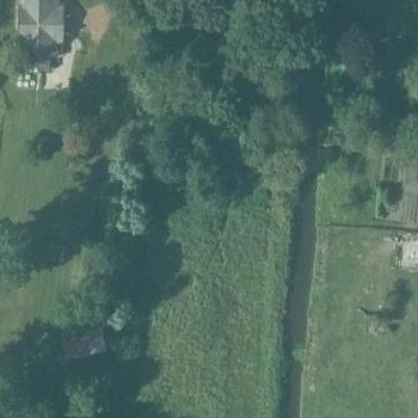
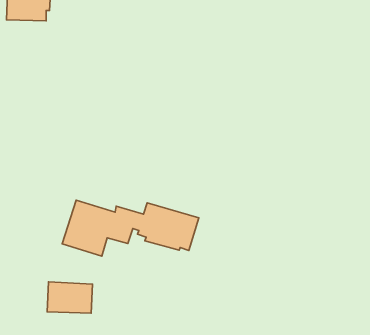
building: none -> [62,200,199,256]

